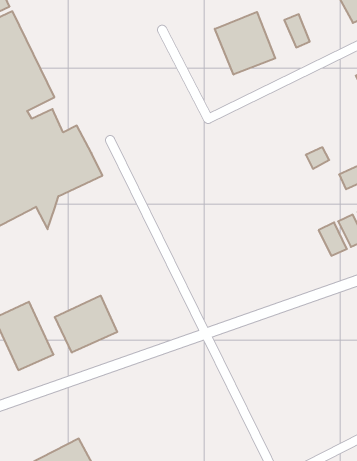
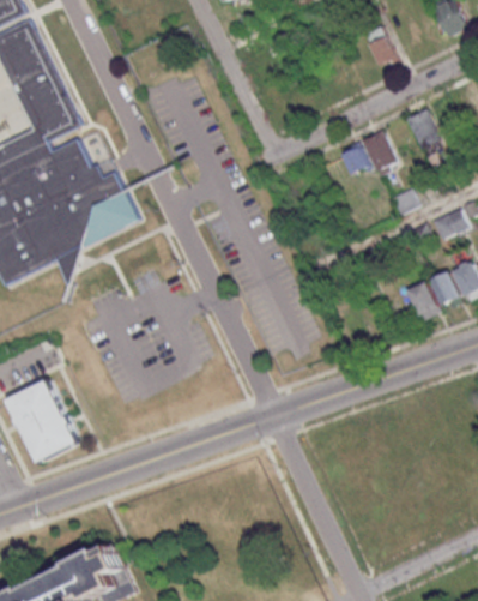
building: [215,12,275,75] -> none
building: none -> [403,106,440,151]
building: none -> [338,128,395,173]
building: [55,296,117,353] -> none

